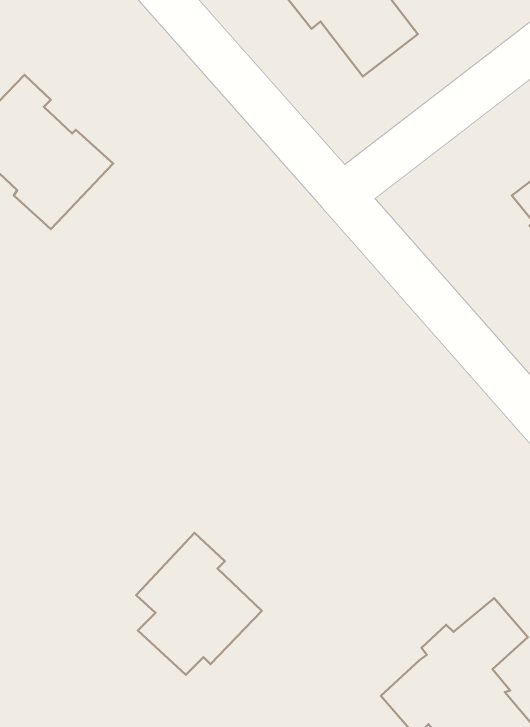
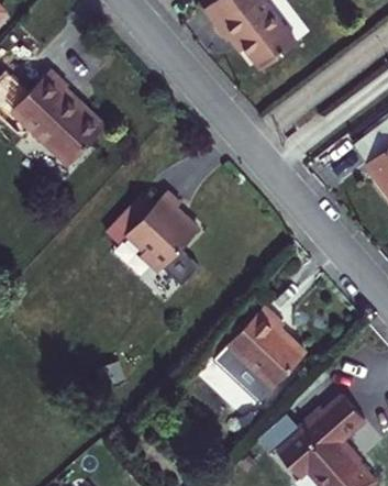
building: none -> [126,189,199,272]
building: [136,533,262,675] -> [230,306,308,394]

